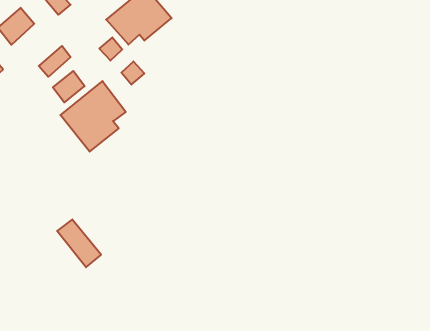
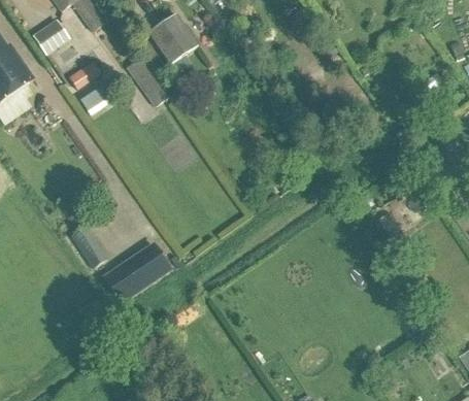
building: [60,81,126,152] -> none
building: none -> [104,245,167,301]

